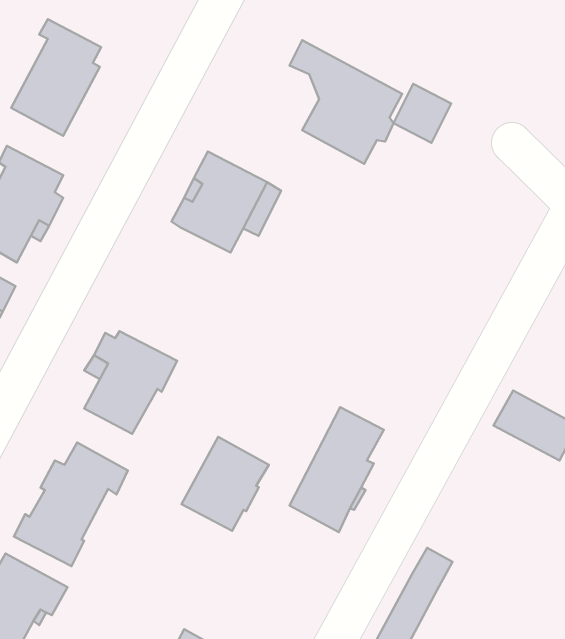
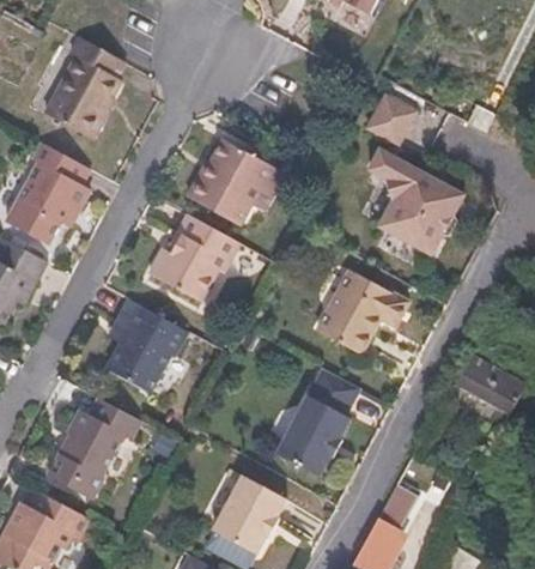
building: [290,40,402,164] -> [369,147,464,253]
building: none -> [148,214,238,303]
building: none -> [318,268,409,353]
building: [182,437,269,531] -> [214,476,288,556]

